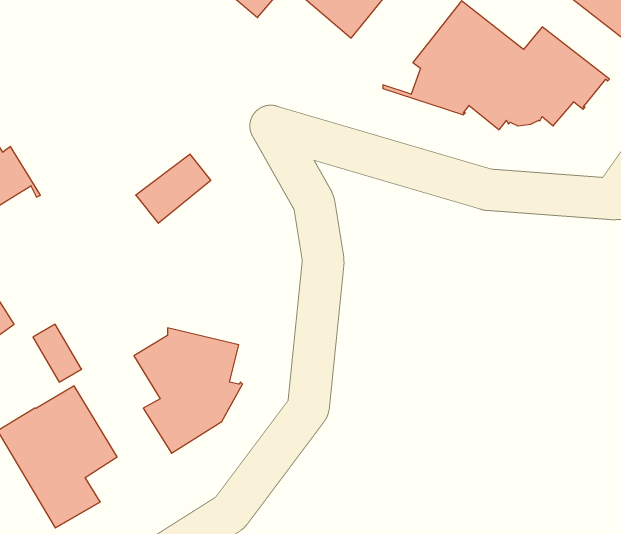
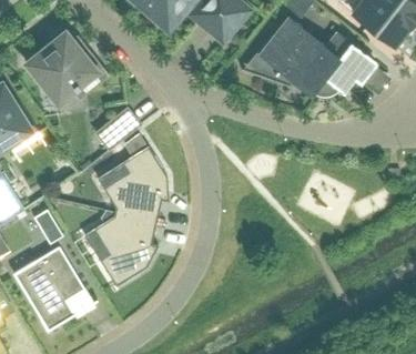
building: none -> [26,31,105,100]
building: none -> [102,145,168,221]

